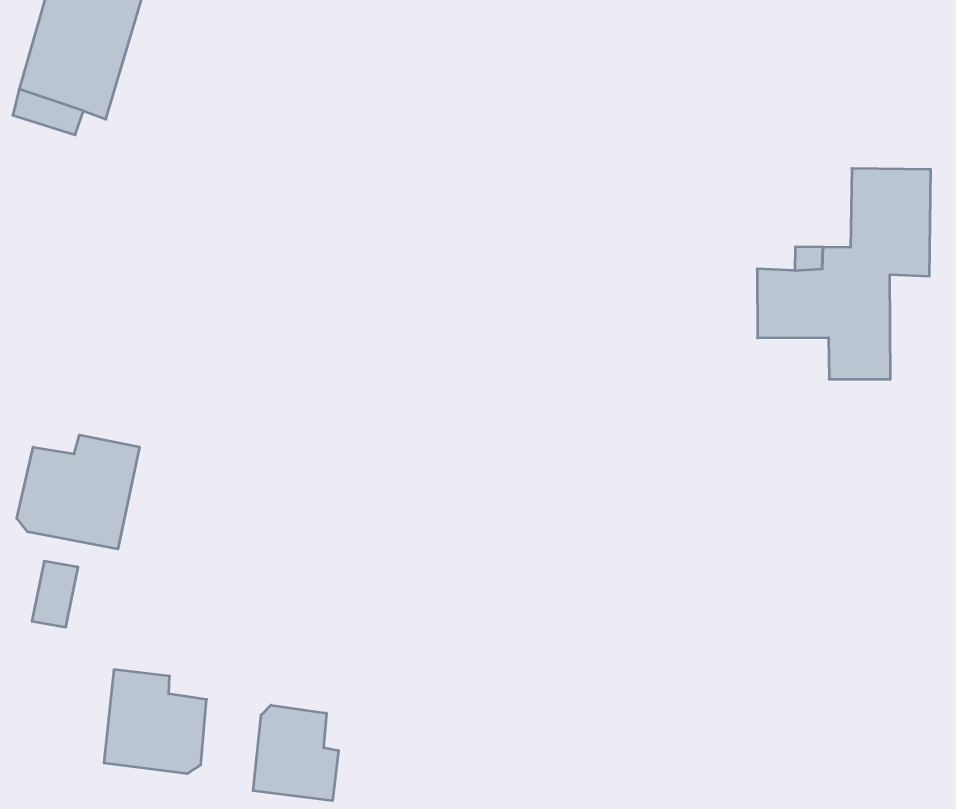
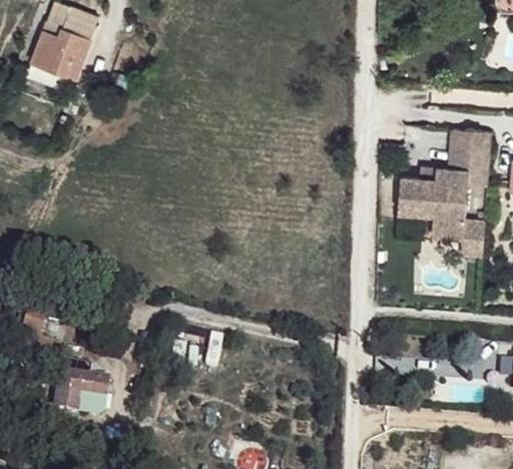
building: [17,435,139,549] -> none
building: [253,705,338,801] -> none

